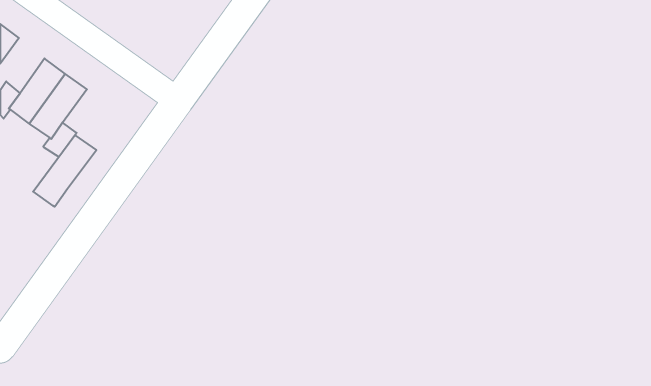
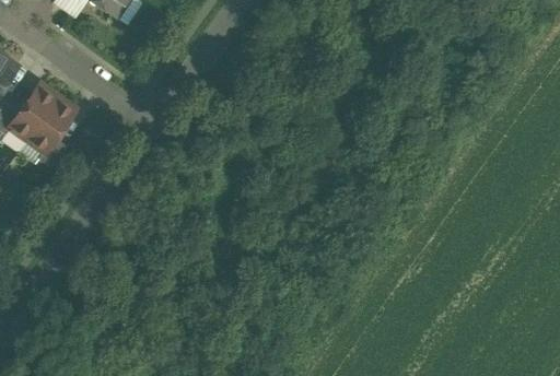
building: [33,135,96,207] -> none

